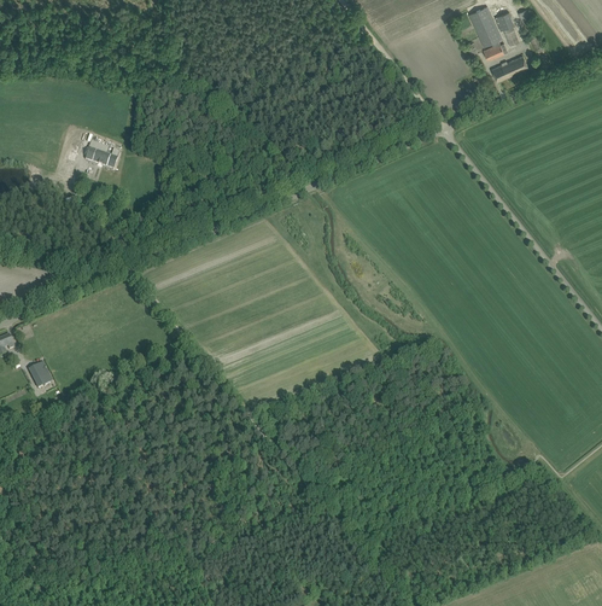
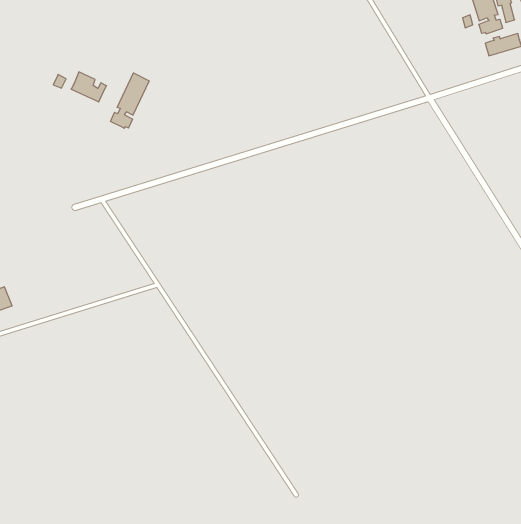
building: none -> [110,73,149,128]

